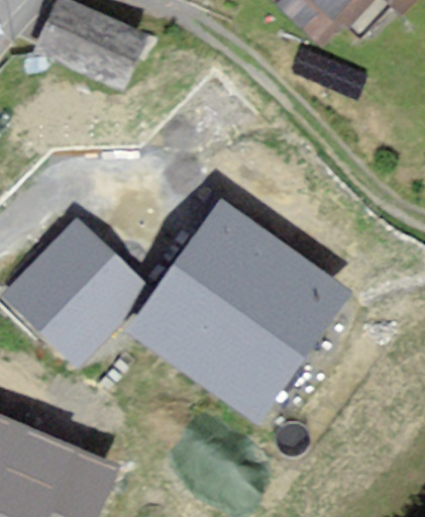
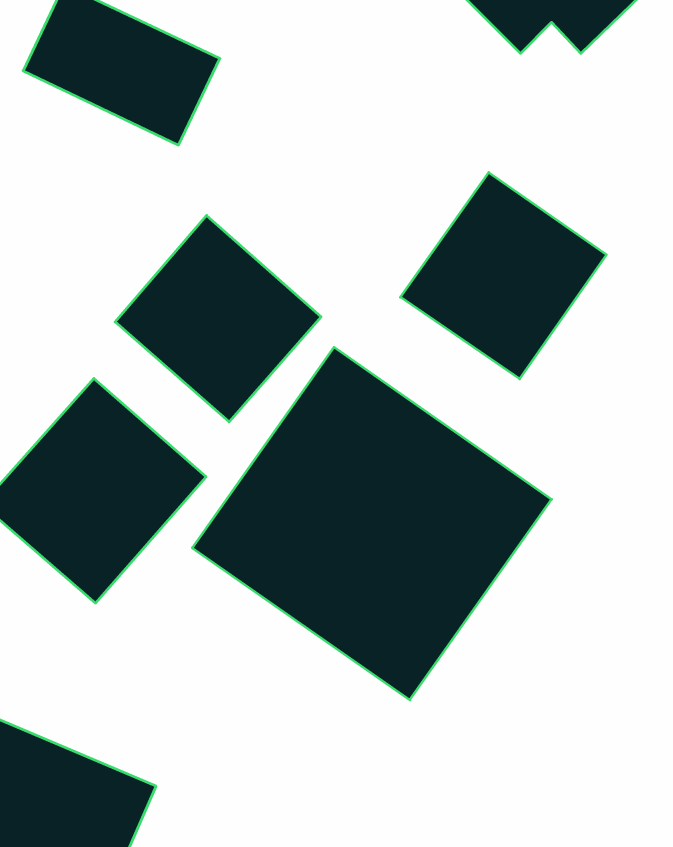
building: none -> [400,172,606,379]
building: none -> [115,215,321,422]

